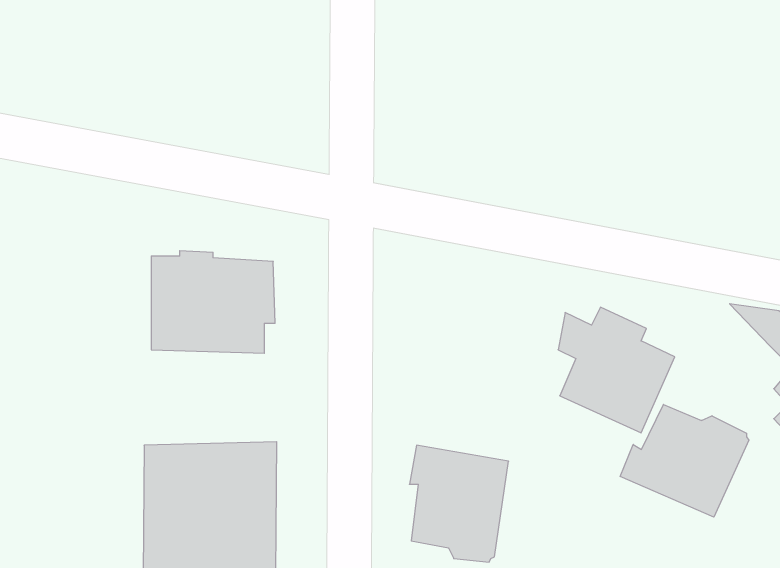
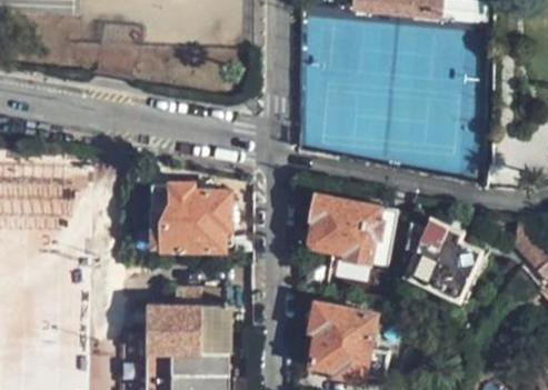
building: none -> [312,198,383,261]
building: [620,404,749,517] -> none

